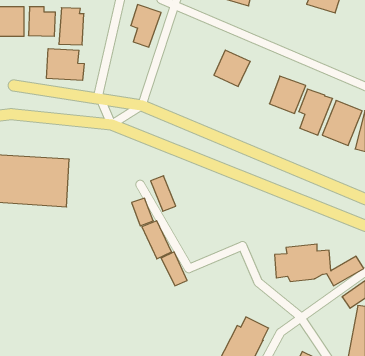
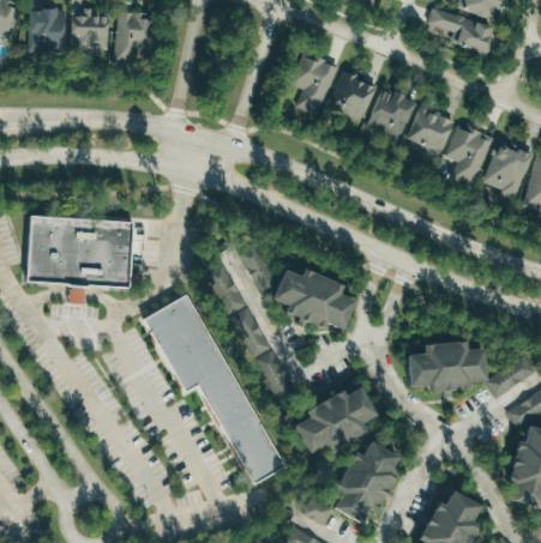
building: none -> [427,6,497,53]
building: [131,5,161,47] -> [294,53,336,111]
building: [47,49,84,80] -> none
building: none -> [366,85,416,140]
building: none -> [277,267,359,327]
building: none -> [139,294,279,482]
building: none -> [299,385,380,454]

